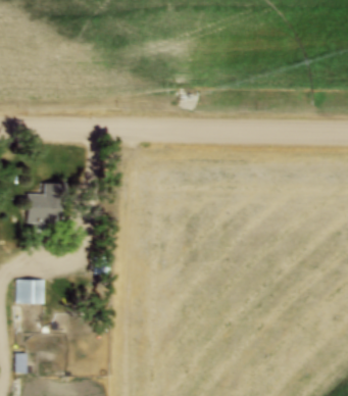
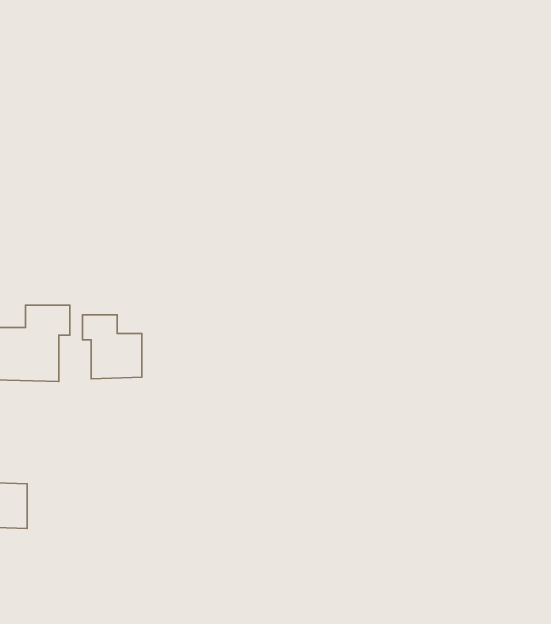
building: none -> [83,315,142,379]

